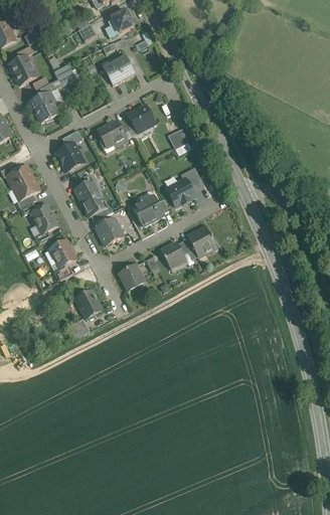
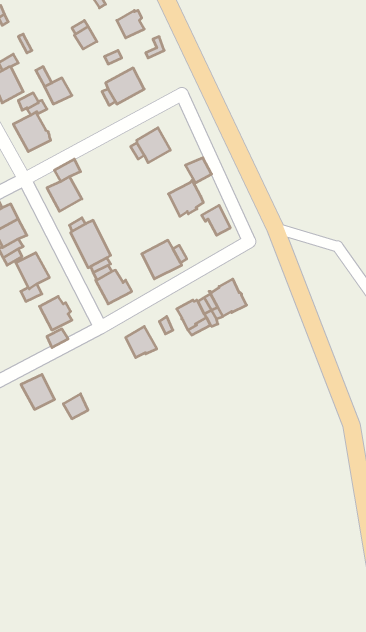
building: [97,120,127,148] -> none
building: [166,177,194,206] -> [168,180,203,216]
building: [74,290,102,318] -> [21,374,55,409]

